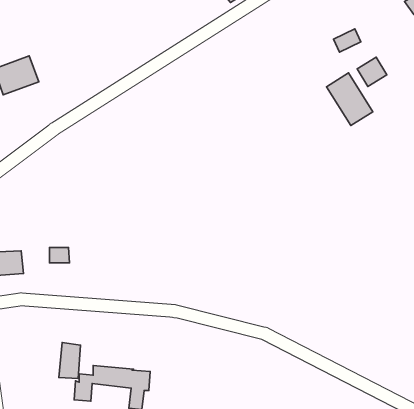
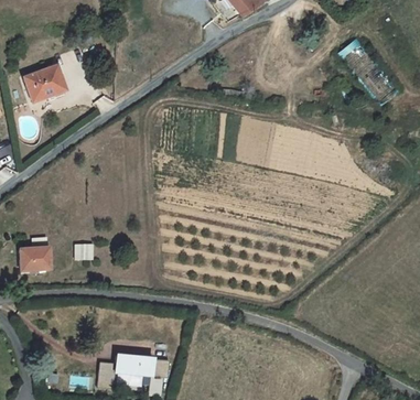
building: [327,73,373,126] -> none
building: [59,343,80,379] -> none

